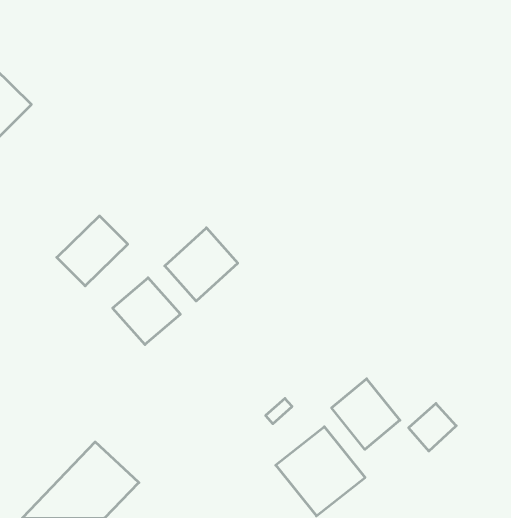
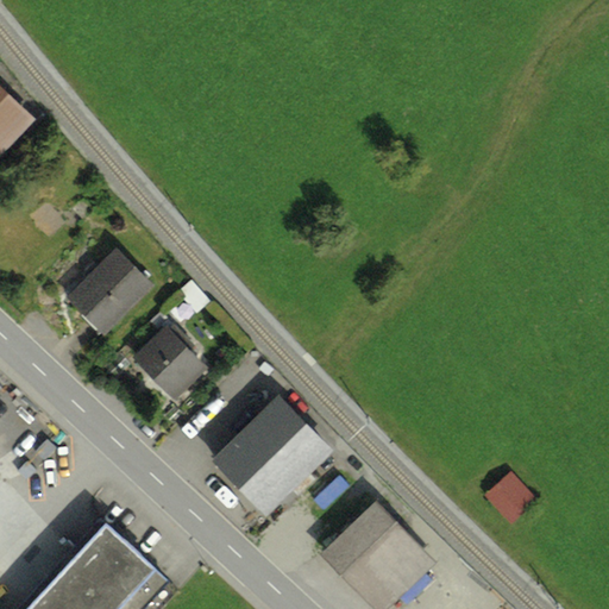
building: [165,228,238,301] -> none
building: none -> [215,406,320,509]
building: [332,379,400,449] -> none

